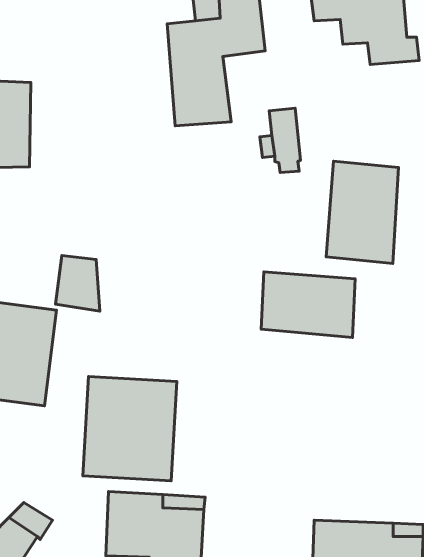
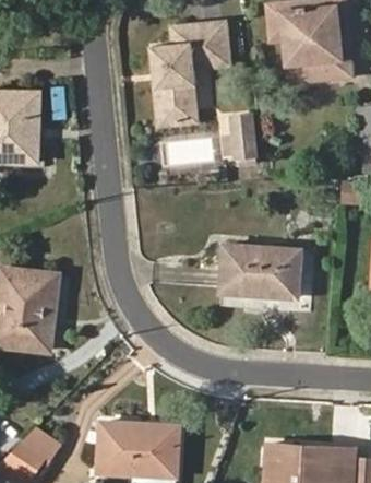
building: [326,161,398,263] -> none
building: [56,255,100,311] -> none
building: [83,376,177,481] -> none

